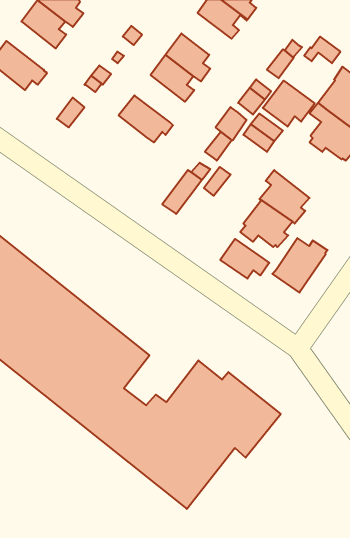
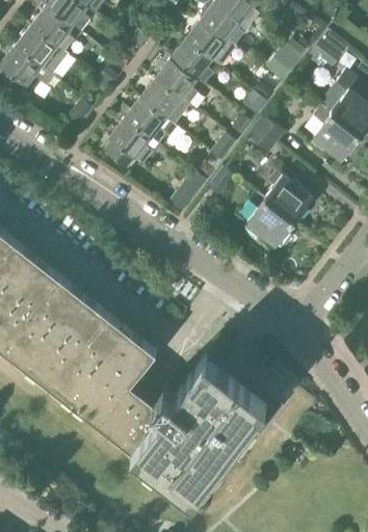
building: none -> [185,19,237,66]
building: none -> [15,27,65,74]
building: none -> [139,79,189,125]
building: [263,81,315,127] -> none
building: none -> [104,118,153,168]
building: [272,238,328,293] -> none
building: [220,239,269,279] -> none

